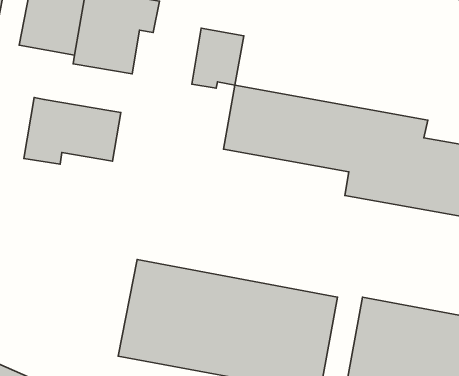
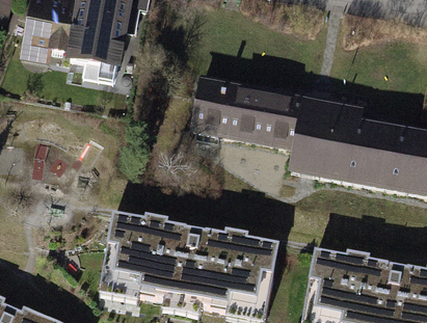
building: [192,28,244,88] -> none
building: [24,98,121,164] -> none

